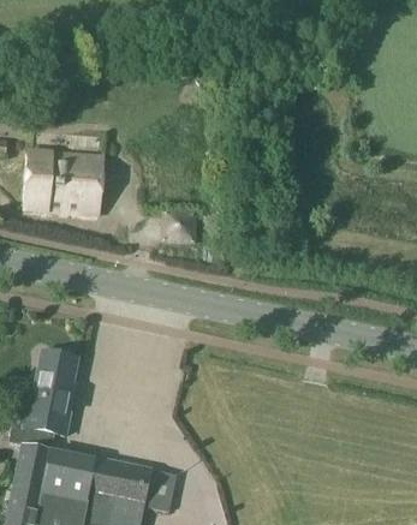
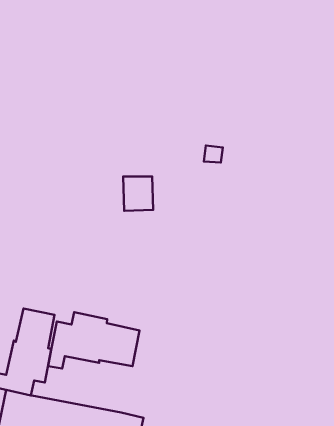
building: [25,150,103,214] -> none
building: none -> [48,312,140,369]

